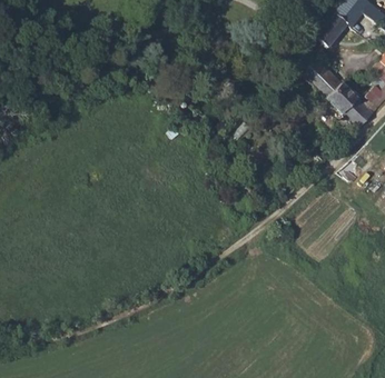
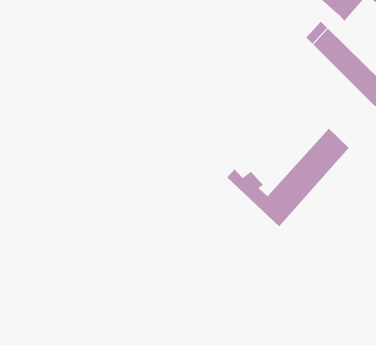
building: none -> [226,128,350,227]

